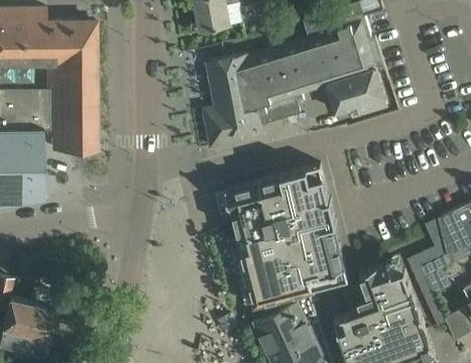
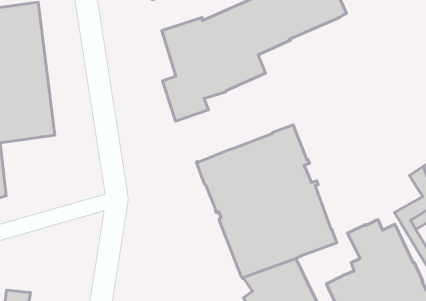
building: [326,70,387,117] -> none

